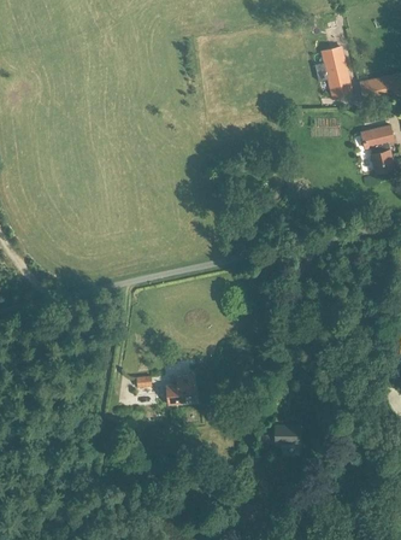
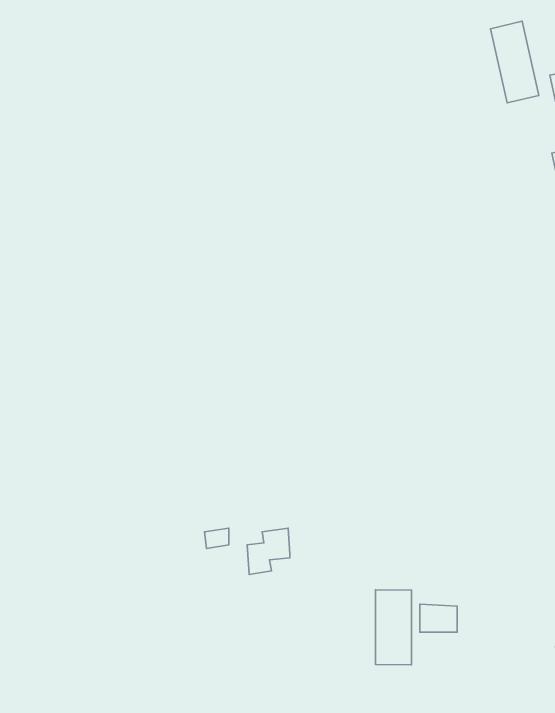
building: none -> [376,590,411,665]

